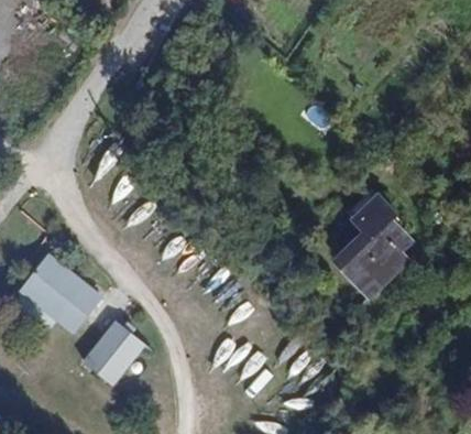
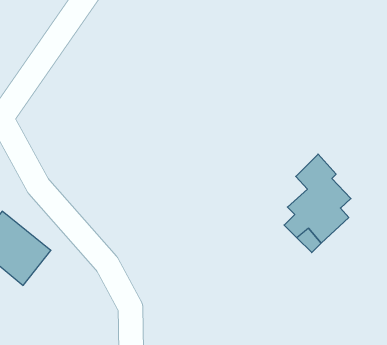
building: [84,321,143,383] -> none

